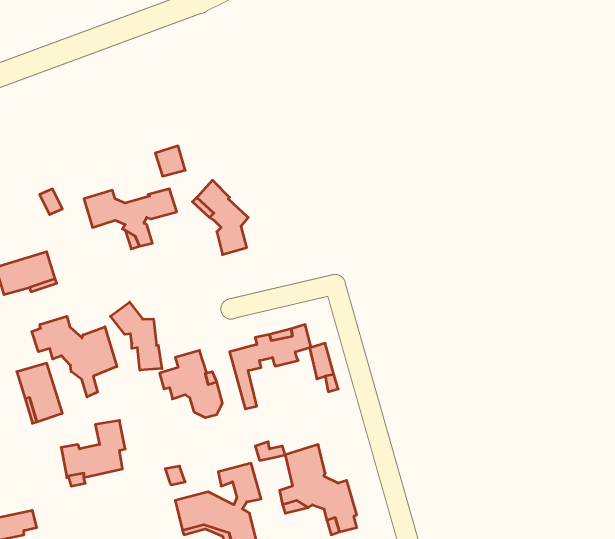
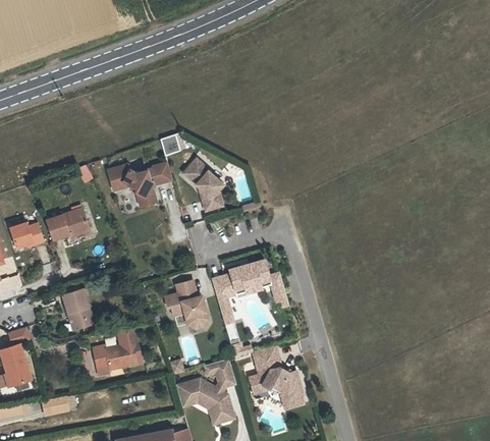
building: [110,302,162,370] -> none
building: [32,316,117,397] -> none

